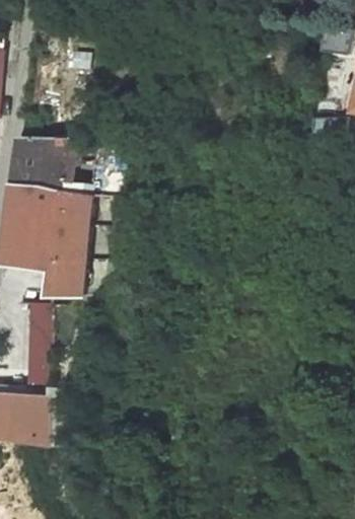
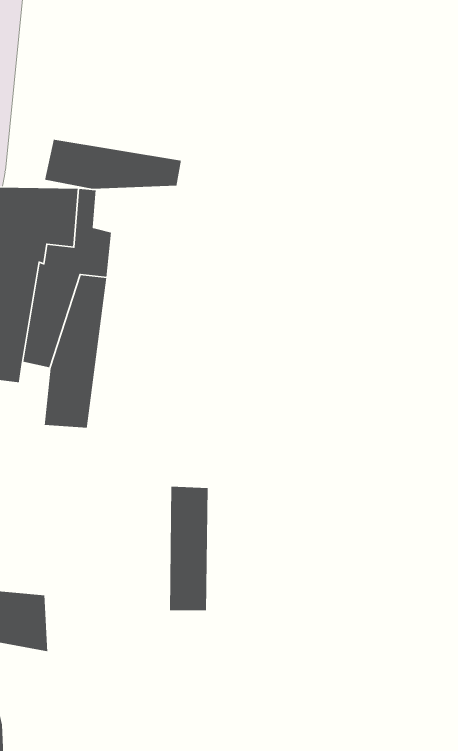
building: none -> [44,139,182,189]
building: [23,305,50,389] -> [169,486,208,611]

